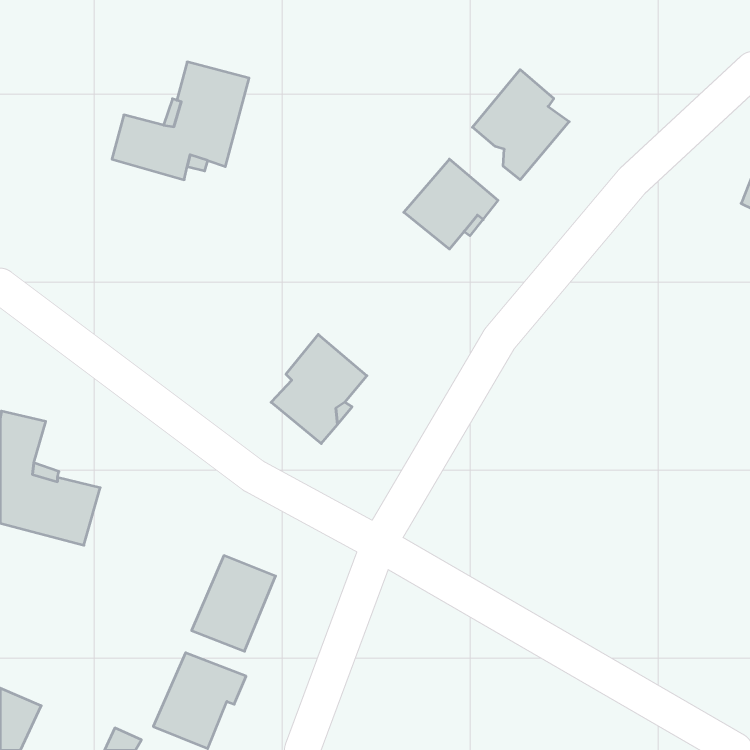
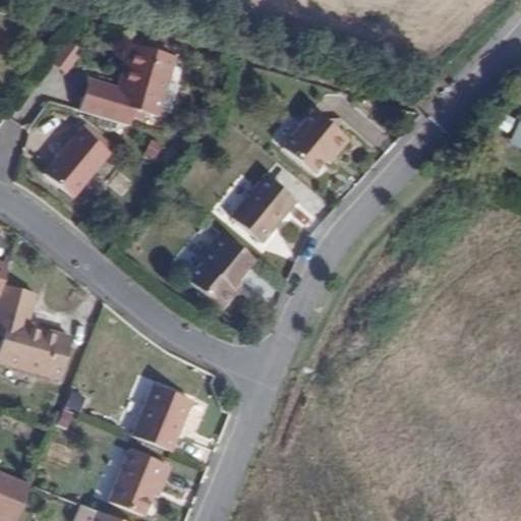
building: [472,70,569,180] -> none
building: none -> [43,129,108,197]
building: none -> [231,174,298,242]

